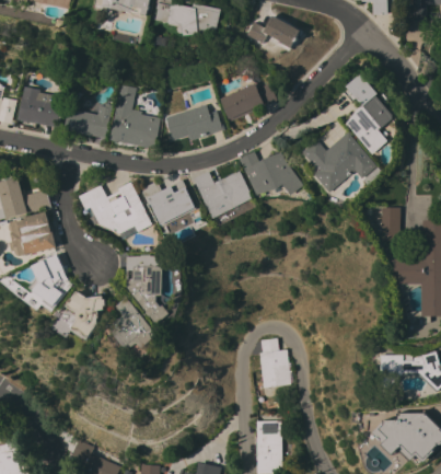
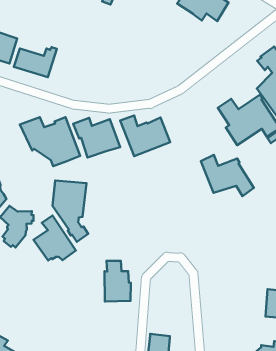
building: [219,82,276,120] -> none
building: [108,84,159,149] -> none
building: [164,104,223,141] -> none
building: [239,151,303,195] -> [201,155,254,196]
building: [257,338,291,388] -> [104,261,131,302]

